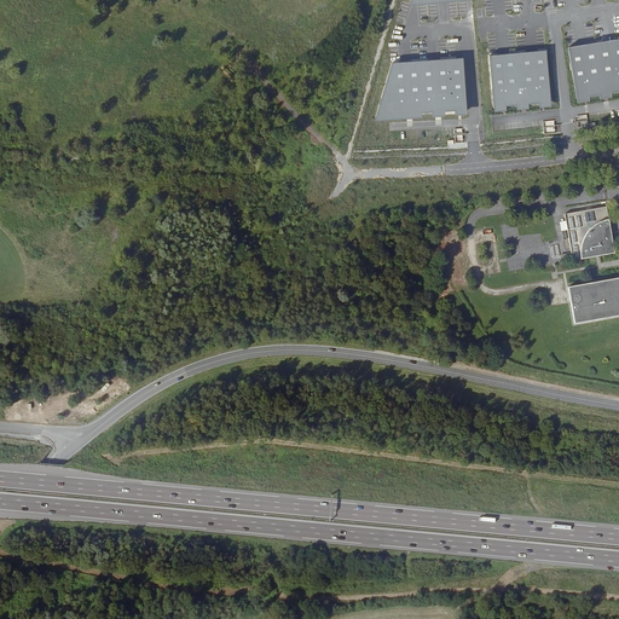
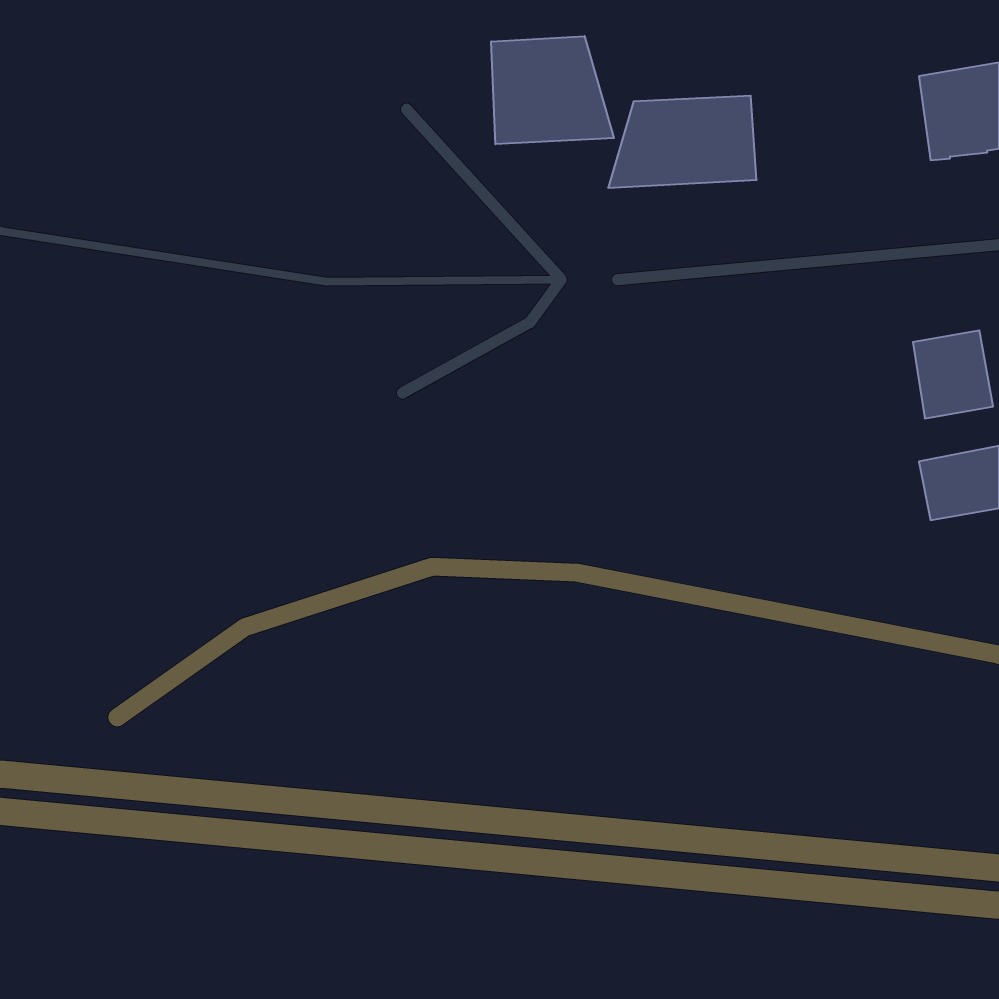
building: none -> [491,36,614,144]
building: [488,50,553,108] -> none

